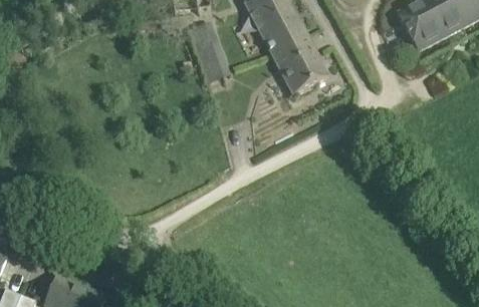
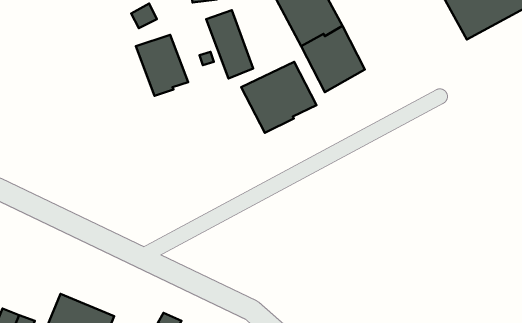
building: none -> [136,35,188,96]
building: none -> [241,62,316,133]

